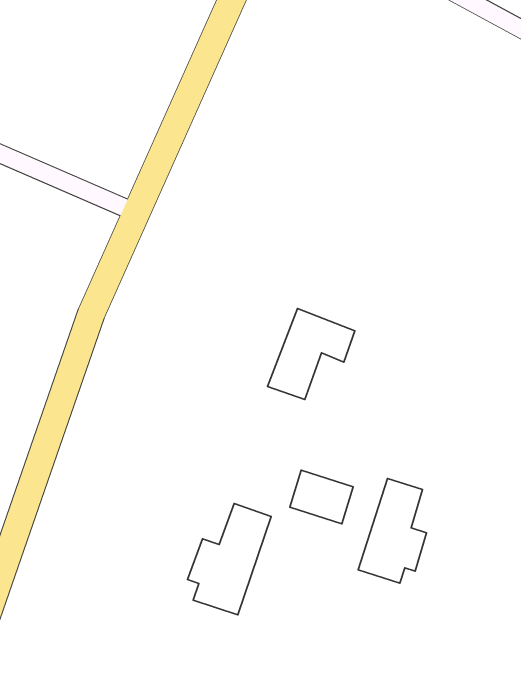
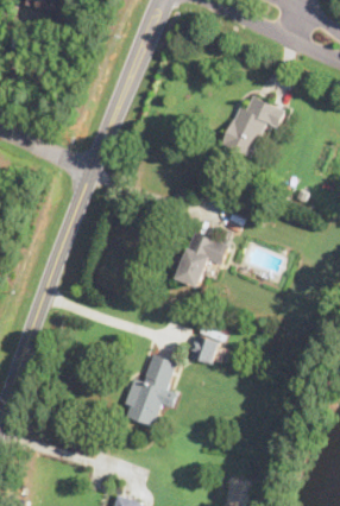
building: none -> [219,96,283,158]
building: [358,479,427,583] -> none

